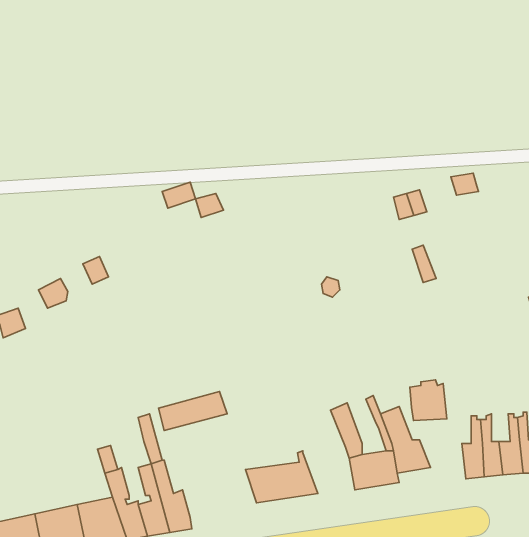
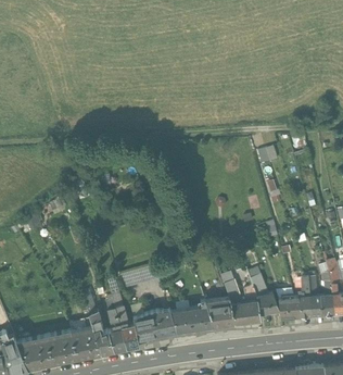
building: [410,380,447,421] -> [279,295,301,318]
building: none -> [205,299,236,326]
building: none -> [134,311,172,340]

